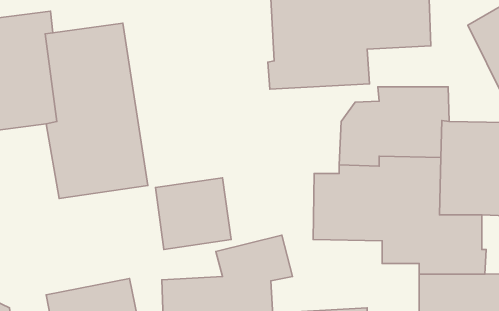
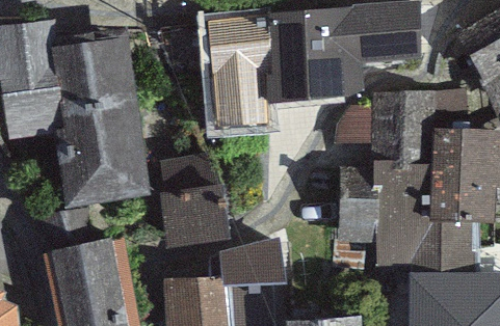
building: none -> [208,38,267,125]
building: none -> [44,233,133,295]

